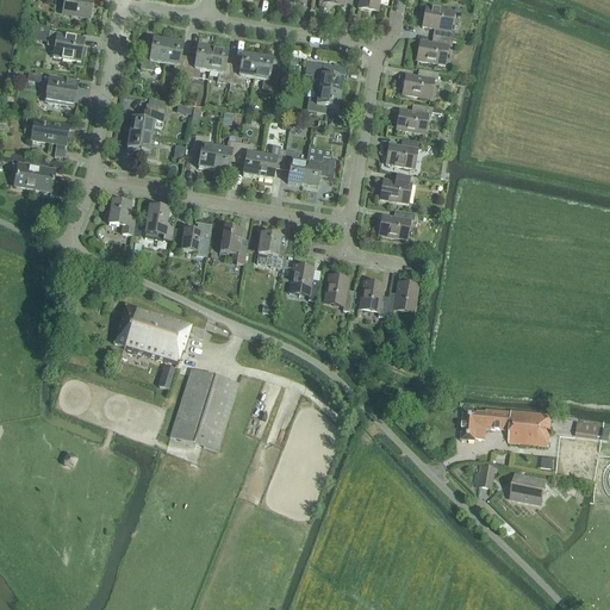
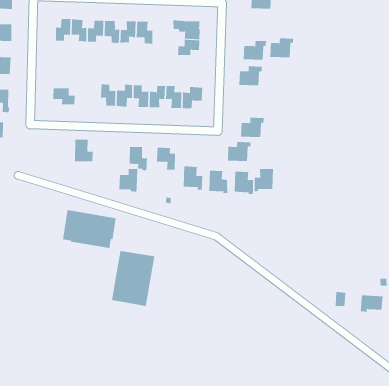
building: [402,68,438,98] -> [270,38,294,58]
building: [129,102,166,135] -> none
building: [379,173,416,203] -> [227,141,251,162]
building: [108,200,136,234] -> none
building: [181,222,212,256] -> [119,169,138,192]
building: [461,405,550,444] -> none

